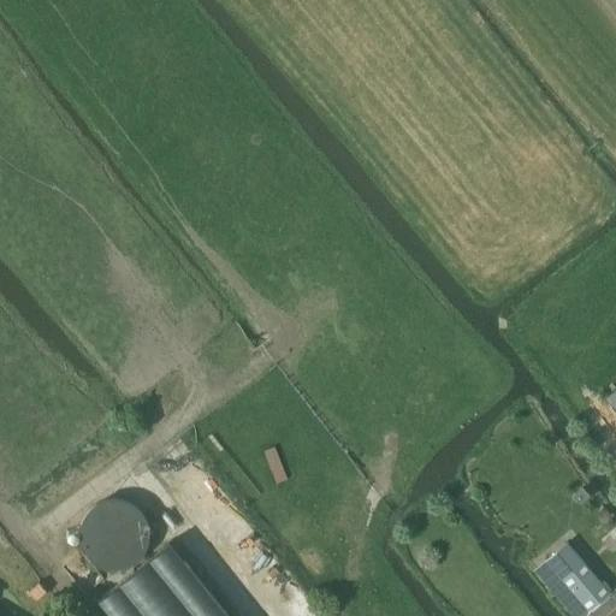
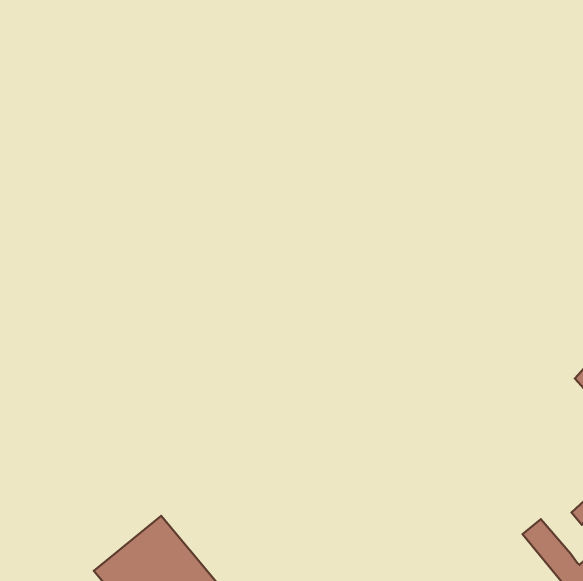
building: [81,503,150,571] -> none

